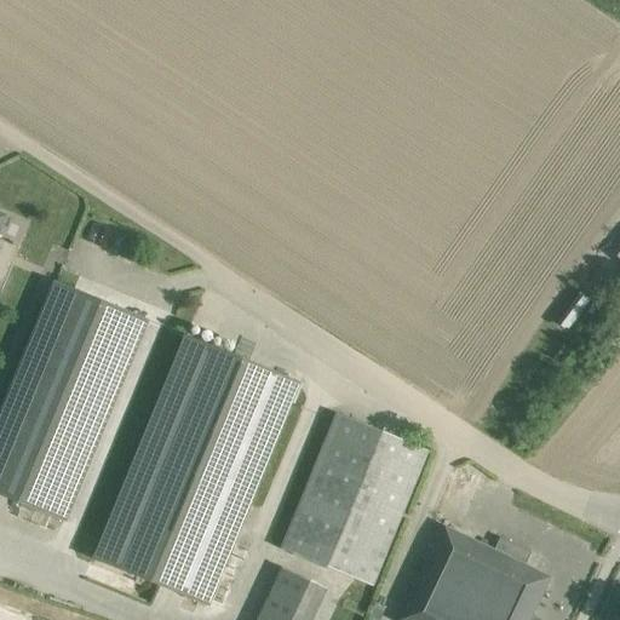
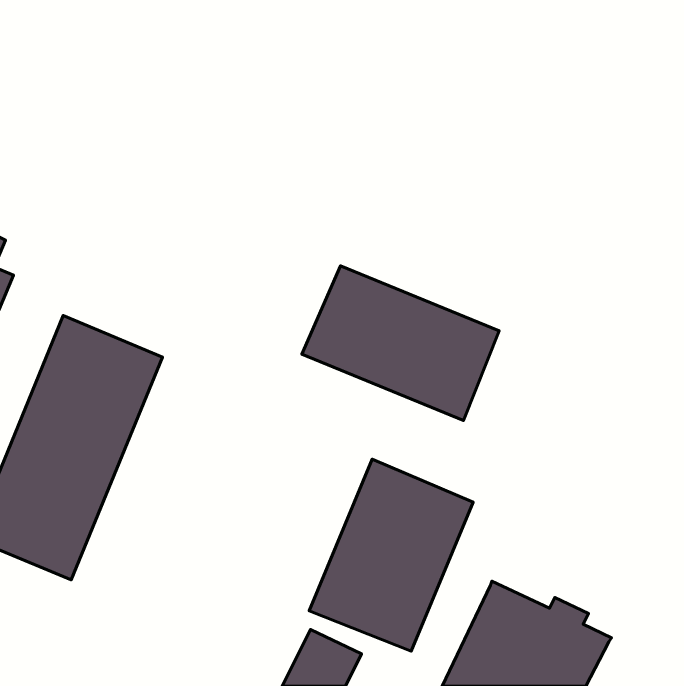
building: none -> [302,266,499,420]
building: [91,337,299,608] -> none

